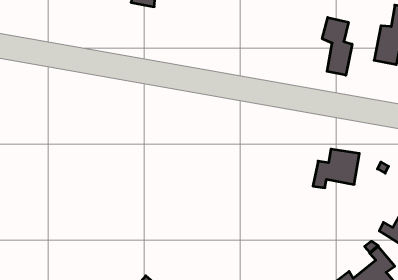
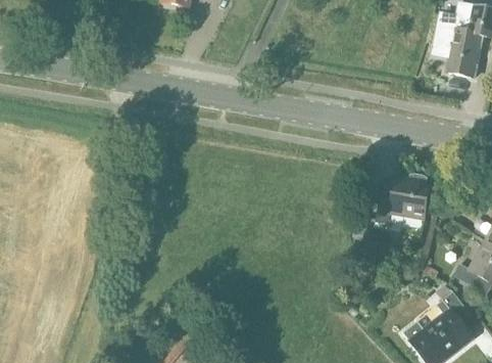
building: [322,17,352,75] -> none

